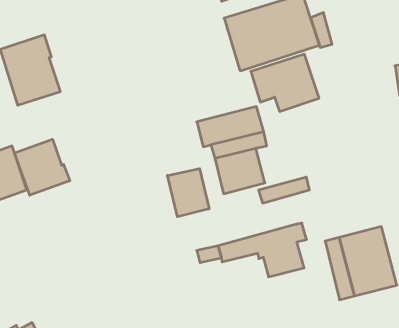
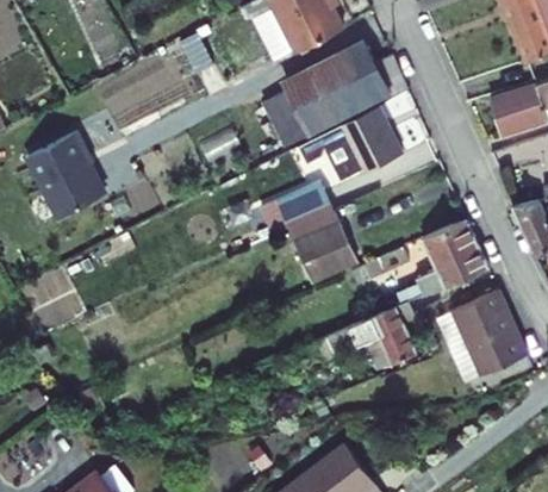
building: none -> [264,92,307,147]
building: [14,139,70,195] -> none
building: none -> [397,218,488,303]
building: [167,169,209,217] -> none

